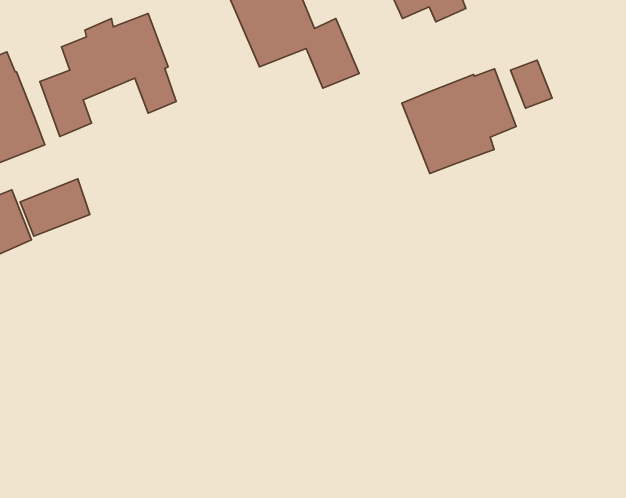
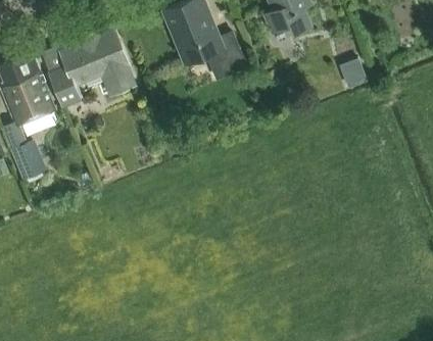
building: [402,69,516,174] -> none
building: [20,179,90,236] -> none

